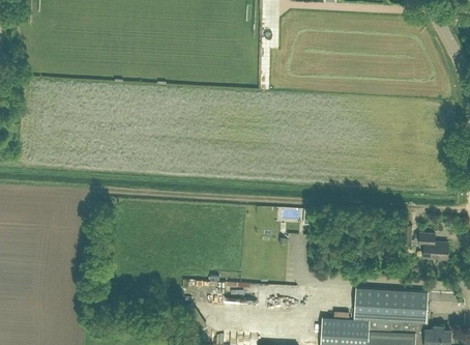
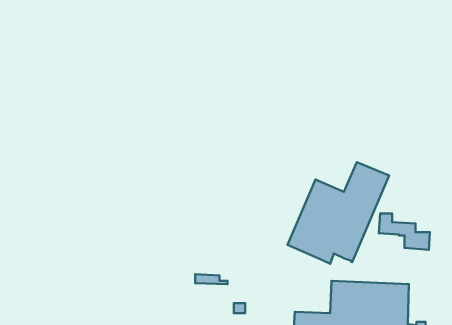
building: none -> [288,162,389,264]

